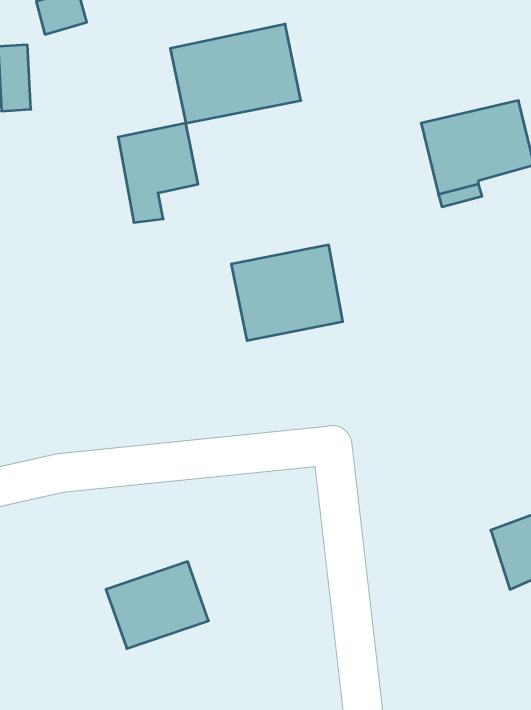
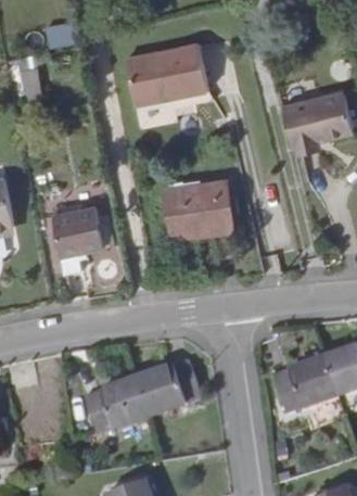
building: [118,123,198,222] -> [54,207,104,269]
building: none -> [273,358,336,414]
building: none -> [136,359,201,415]

